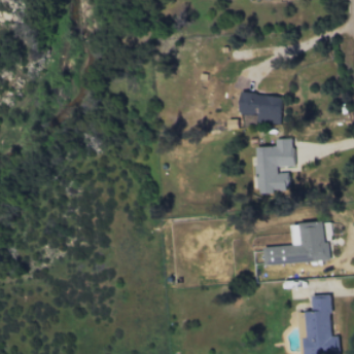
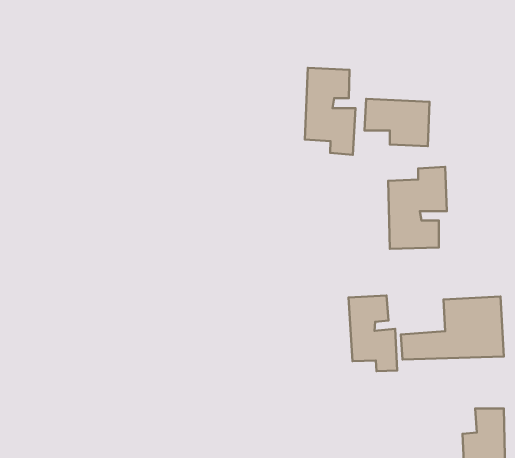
building: none -> [305,68,355,155]
building: none -> [349,295,397,371]

